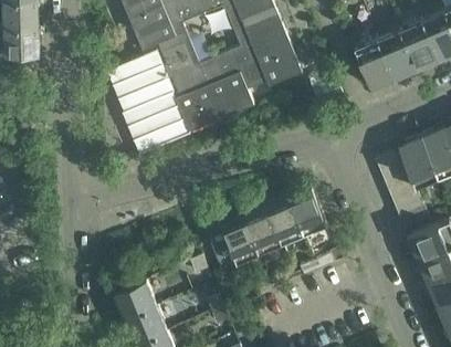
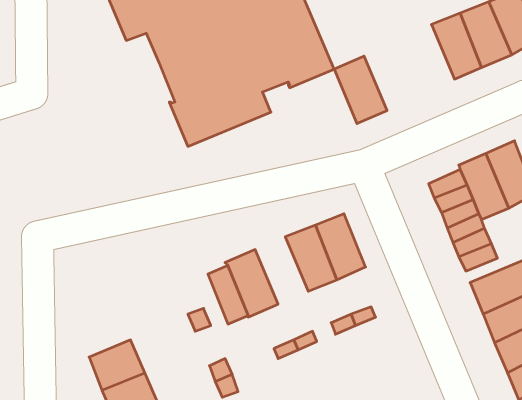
building: [355,39,396,91] -> [334,56,387,124]
building: [107,52,191,156] -> none
building: [242,202,283,254] -> none

